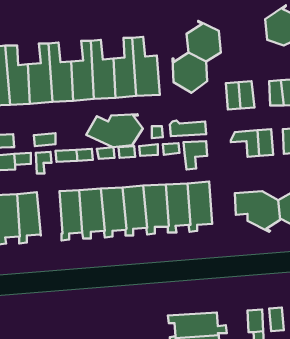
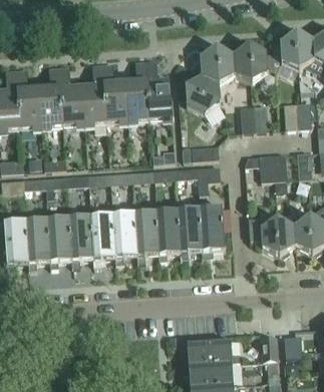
building: none -> [232,41,268,82]
building: [86,114,143,147] -> none
building: none -> [46,217,72,268]

